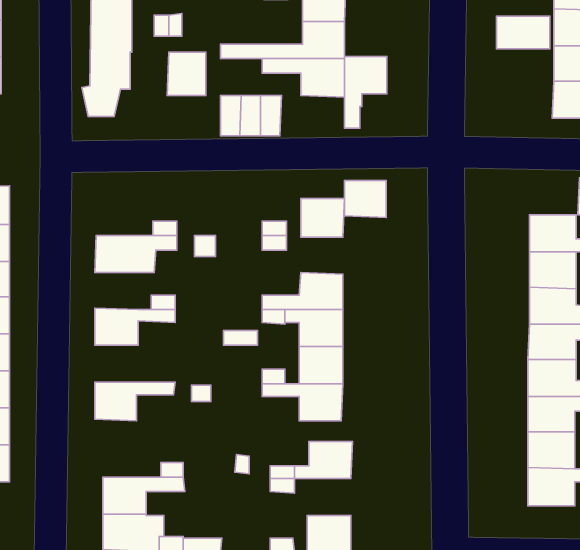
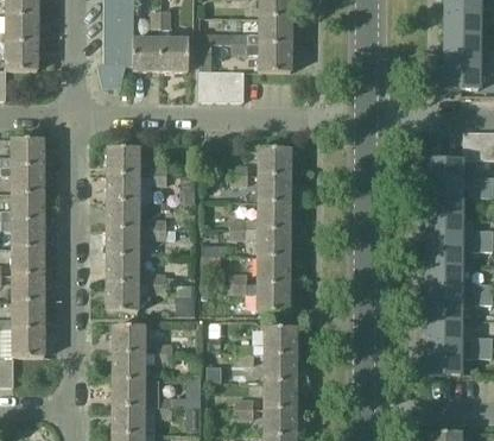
building: [497,16,550,49] -> none
building: none -> [133,39,162,71]
building: [344,57,387,128] -> none
building: [344,180,386,217] -> [259,176,290,203]
building: none -> [108,147,140,175]
building: none -> [107,202,139,229]
building: none -> [107,256,166,283]
building: none -> [113,326,145,353]
building: none -> [264,354,296,382]

